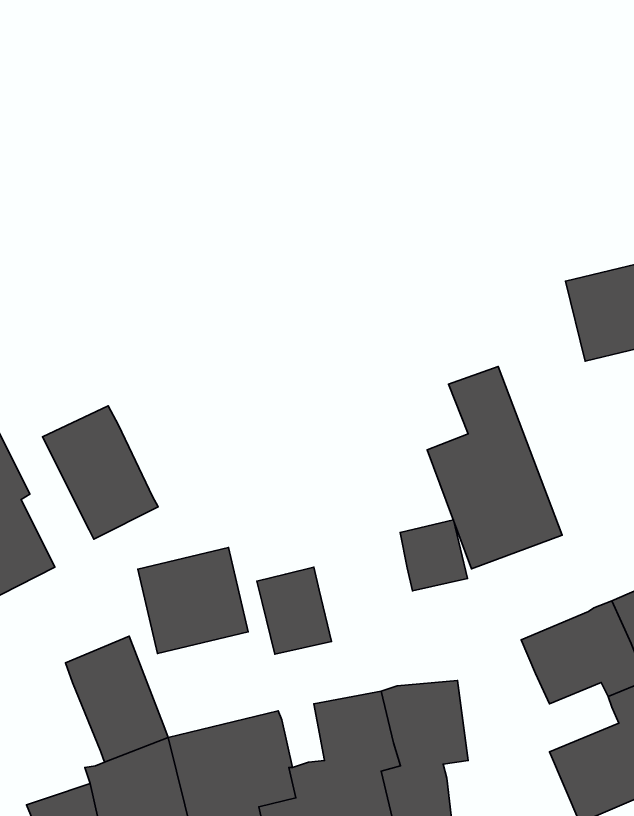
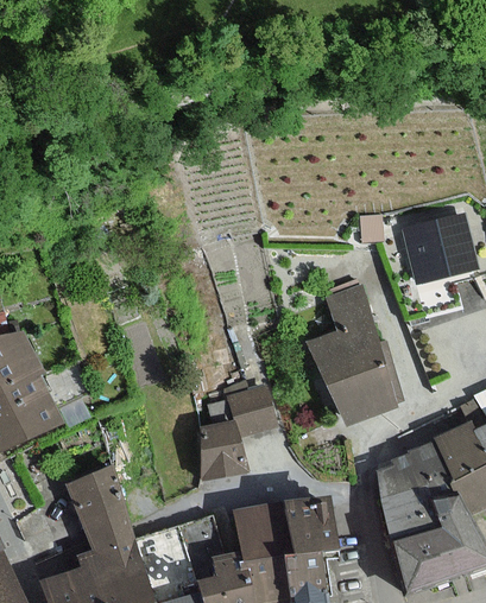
building: [42,406,158,539] -> none
building: [400,520,468,591] -> [229,388,274,436]
building: [138,548,248,653] -> none
building: none -> [380,497,438,544]

